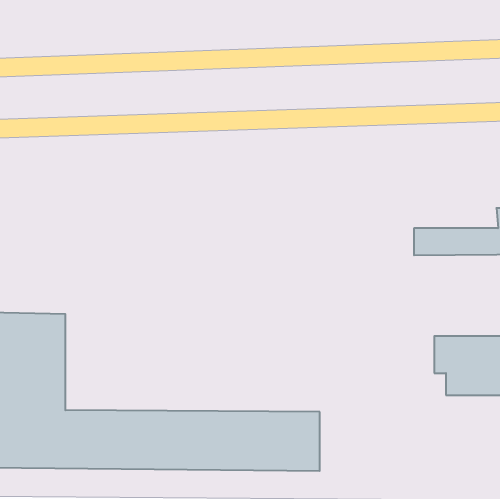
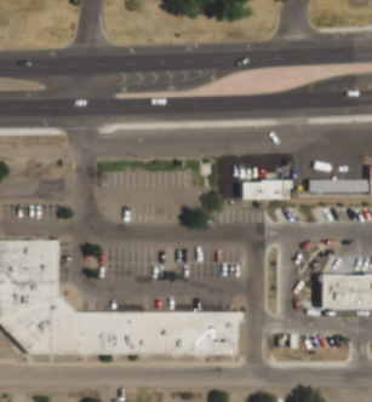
building: none -> [241,180,288,199]

